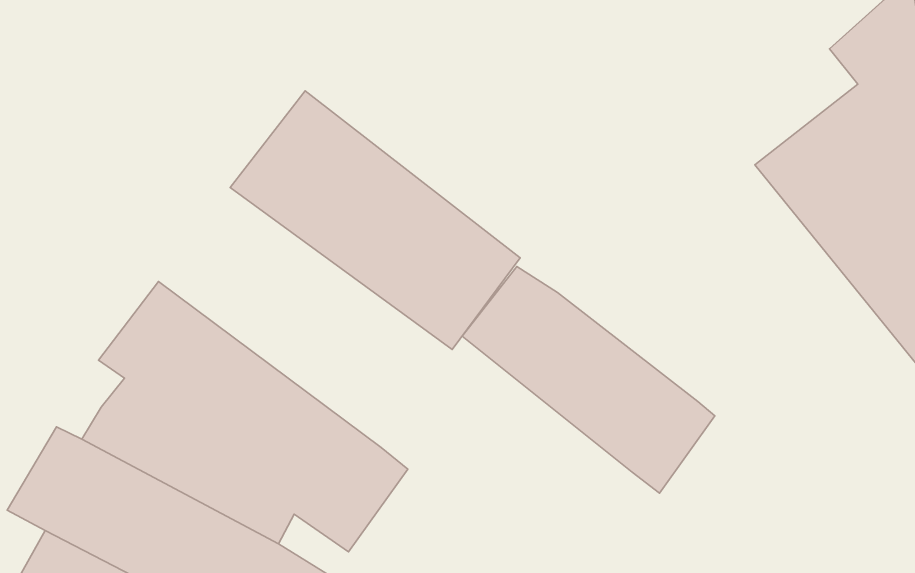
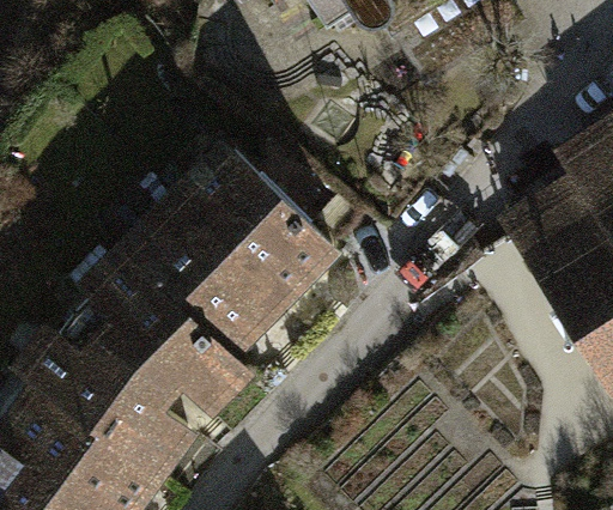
building: none -> [121,184,295,356]
building: [462,266,715,493] -> none

